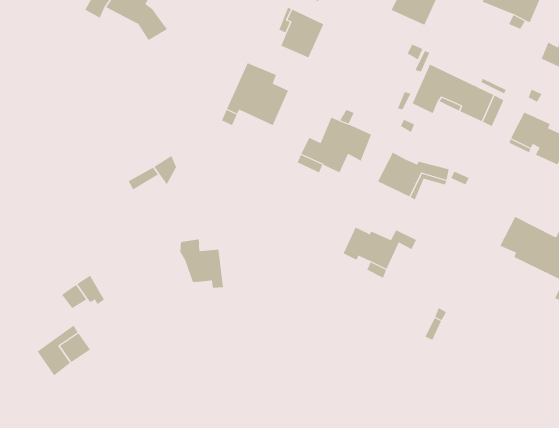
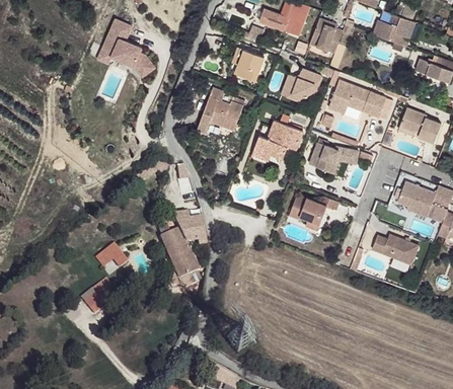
building: none -> [282,68,322,97]
building: none -> [159,225,201,287]
building: none -> [373,234,420,264]

